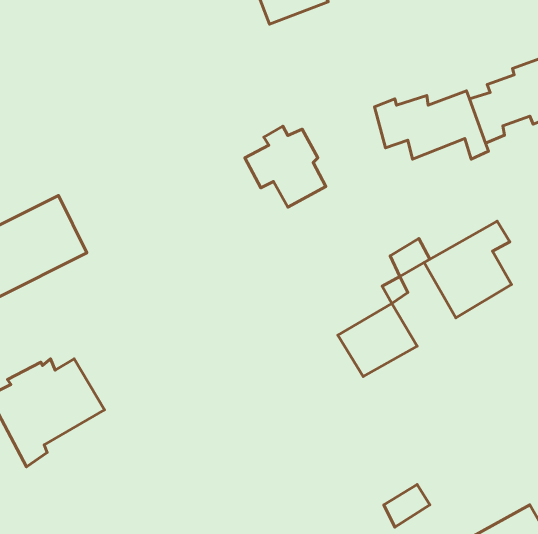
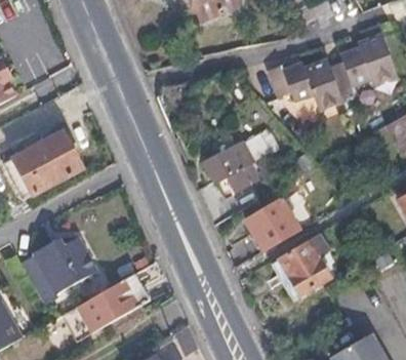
building: [245,126,326,207] -> [207,141,259,193]
building: [424,221,511,318] -> [273,235,329,297]
building: none -> [63,270,153,339]

